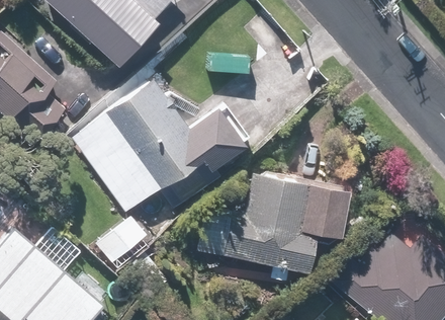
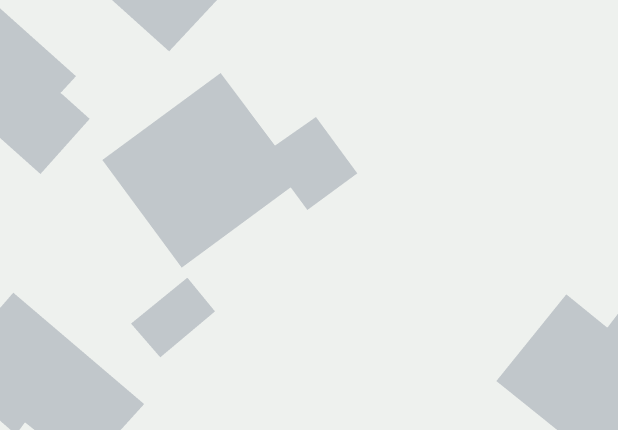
building: [222,167,349,272] -> none

